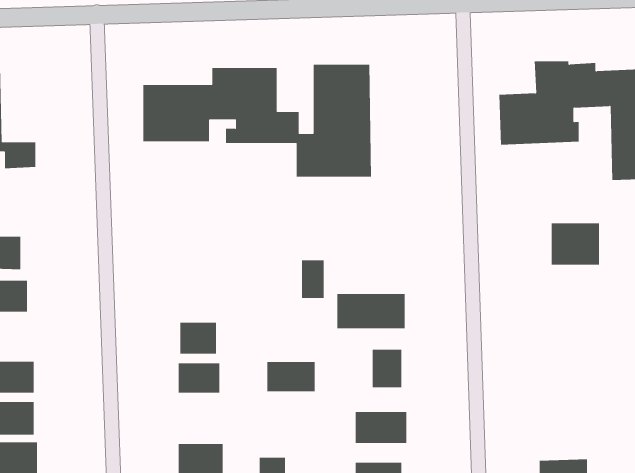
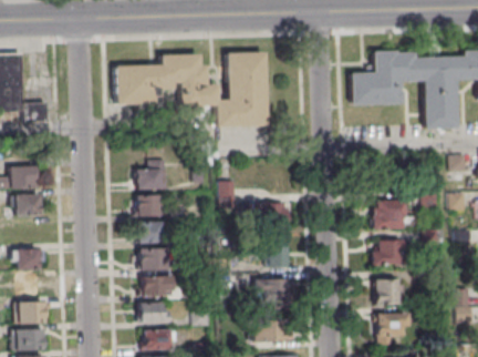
building: [551,223,600,265] -> [373,201,405,228]
building: none -> [136,159,168,190]
building: none -> [137,195,159,216]
building: none -> [374,241,405,265]
building: [266,361,315,392] -> [142,276,174,296]
building: none -> [374,279,402,305]

